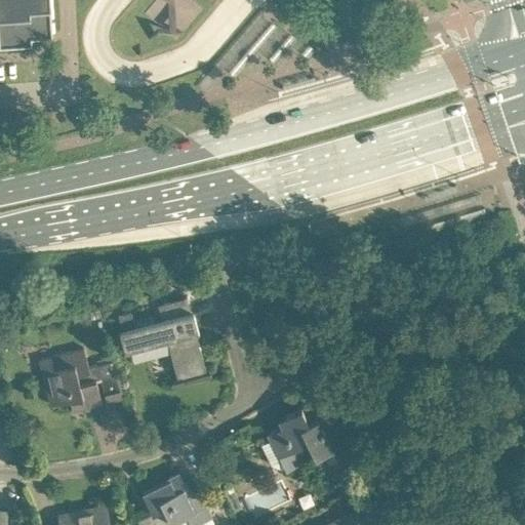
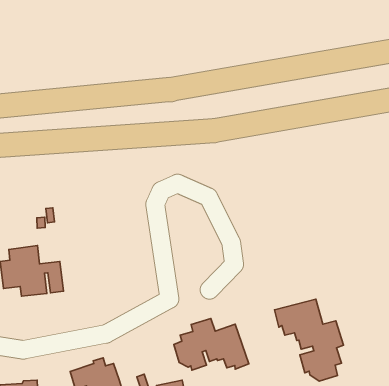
building: [118,298,210,388] -> none
building: none -> [274,299,343,381]

